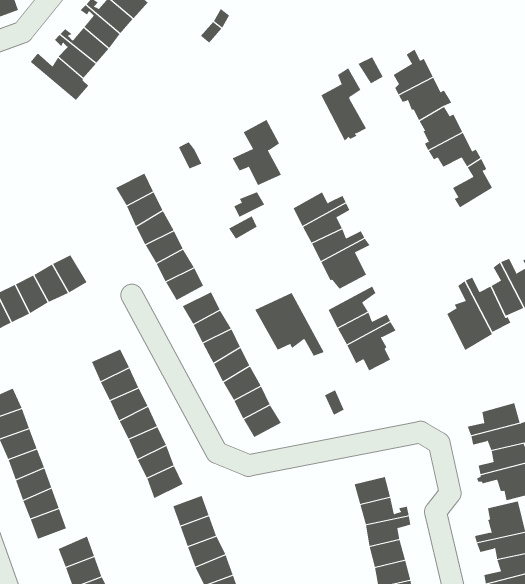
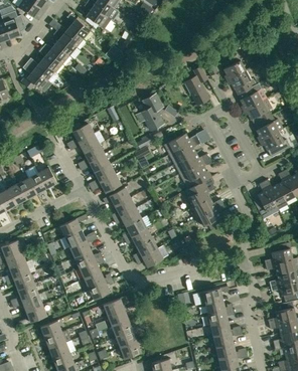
building: none -> [21,62,51,91]
building: none -> [260,131,290,157]
building: [254,292,324,356] -> none

